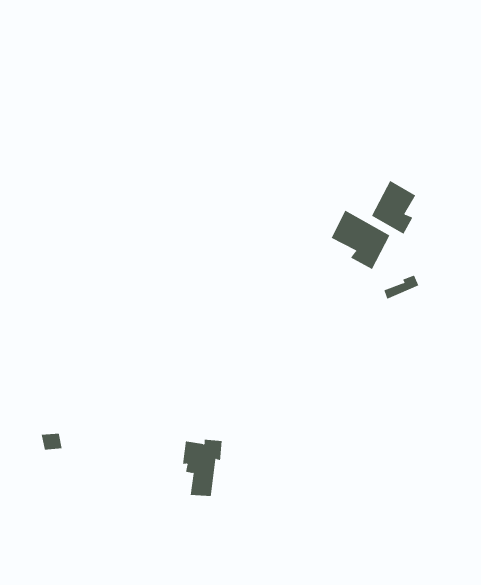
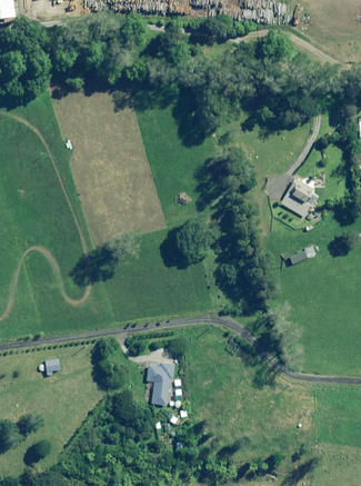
building: [331,210,390,270] -> none

